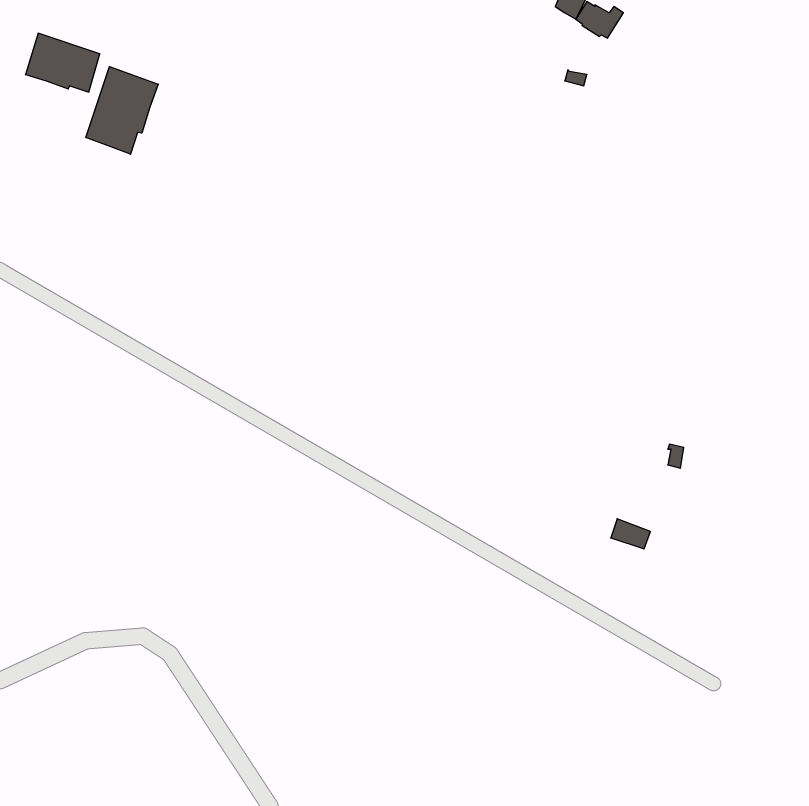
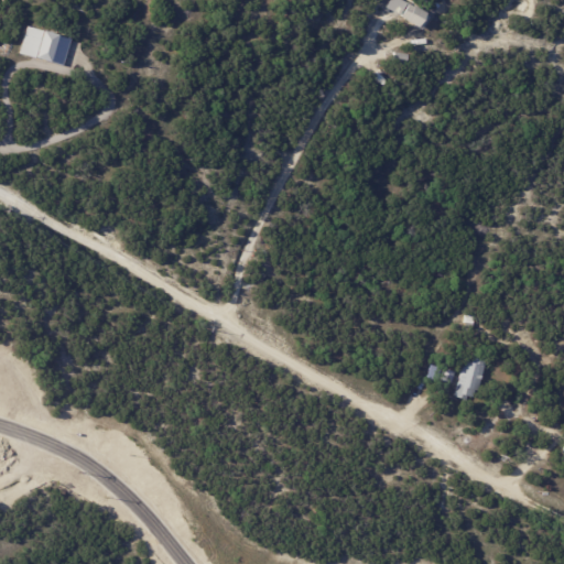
building: [86,67,158,154] -> none
building: none -> [455,359,485,397]

